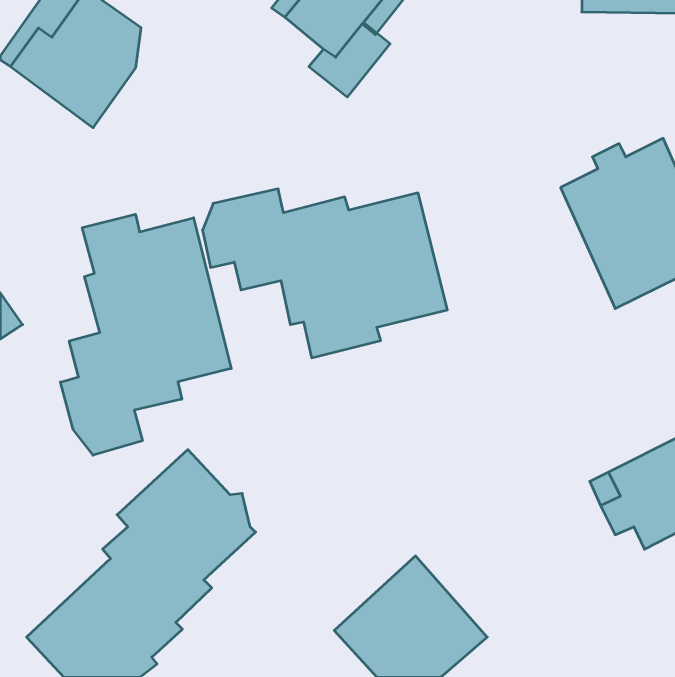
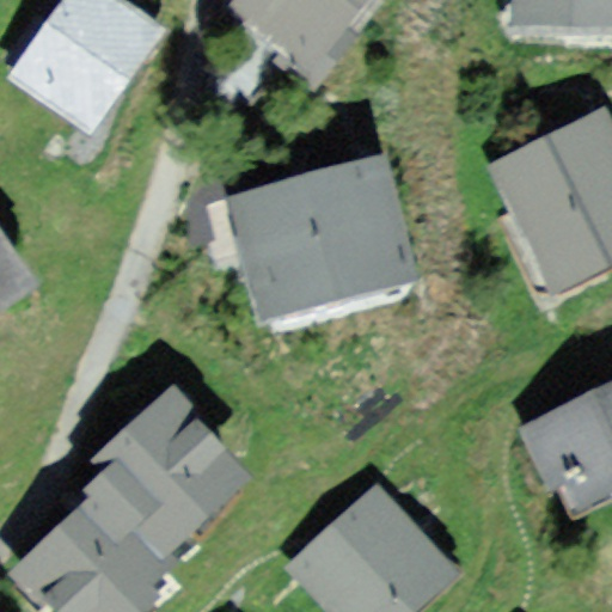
building: [60,214,231,455] -> none

